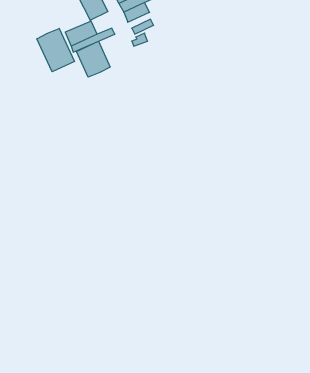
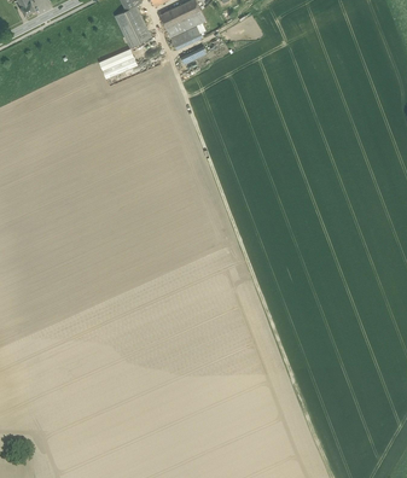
building: [37,28,74,72] -> none
building: [76,41,110,77] -> none

